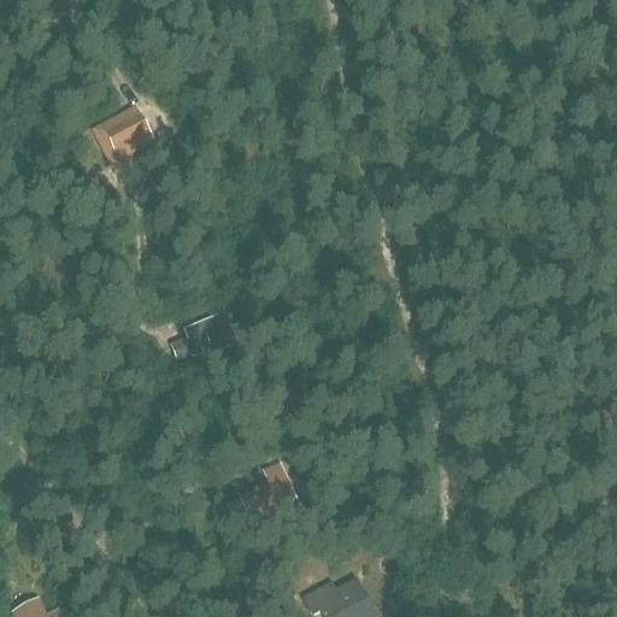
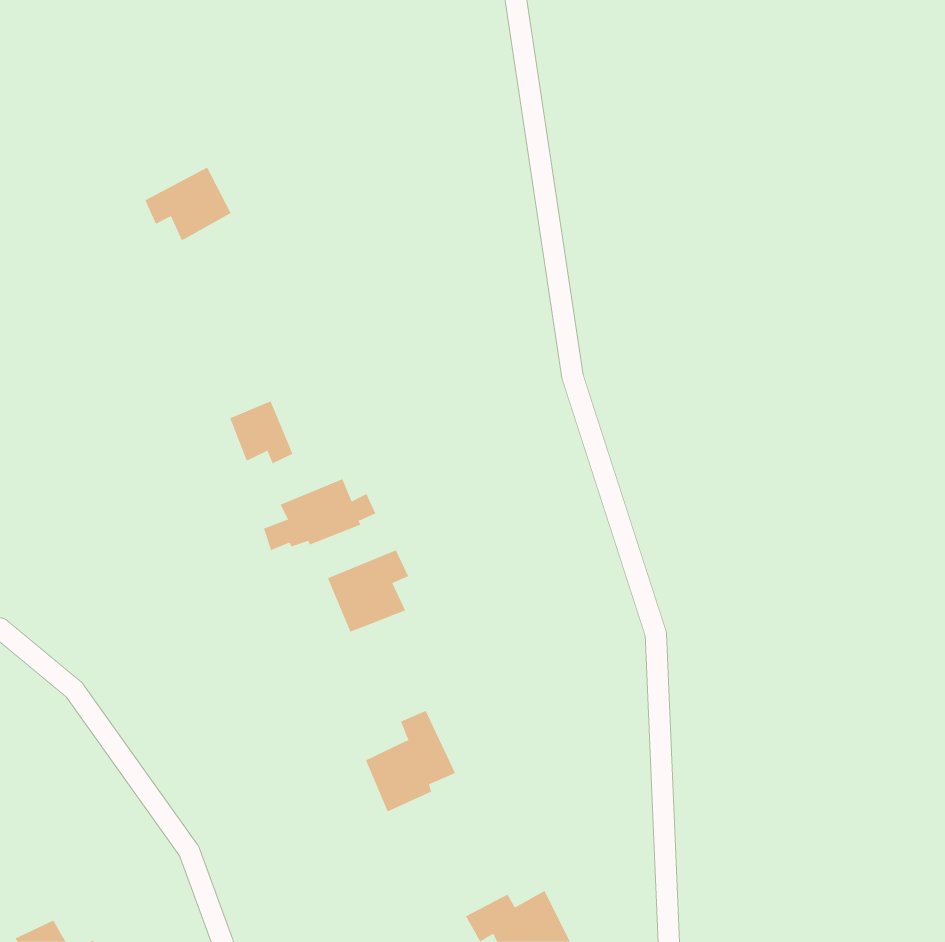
building: none -> [229,400,293,464]
building: none -> [327,549,409,632]

